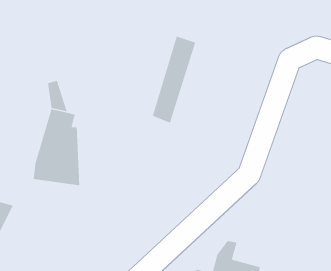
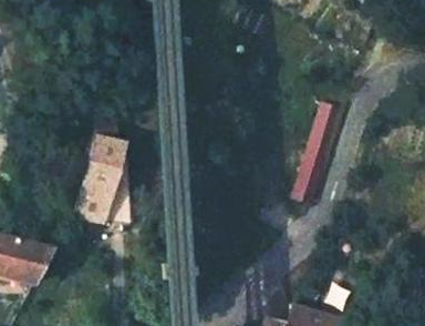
building: [152,36,196,124] -> [292,102,344,205]

